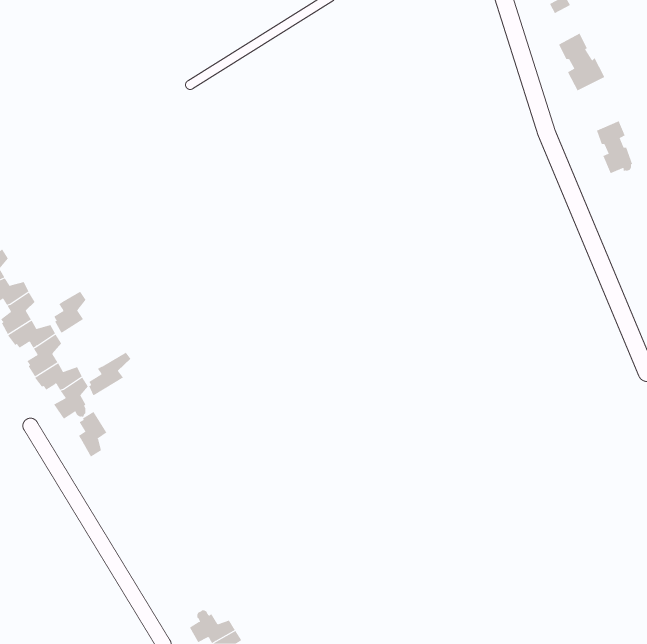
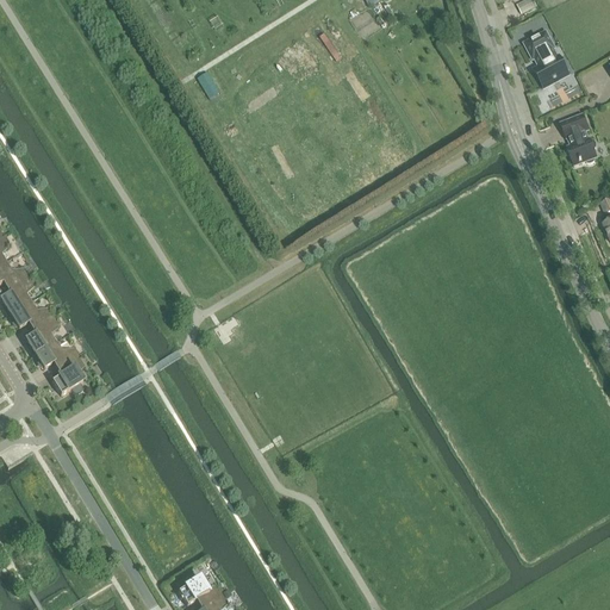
building: [53,291,86,333] -> none
building: [88,352,131,396] -> none
building: [78,410,107,457] -> none

